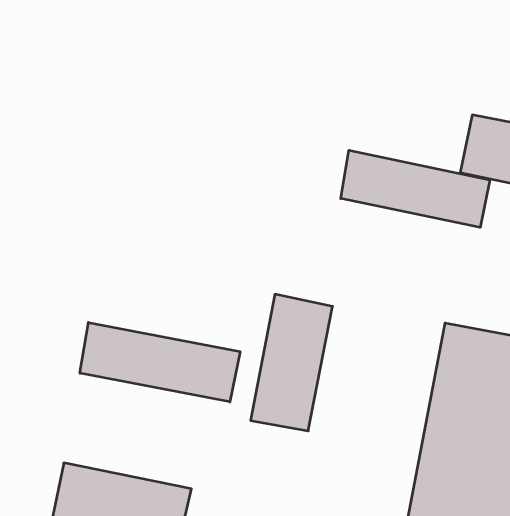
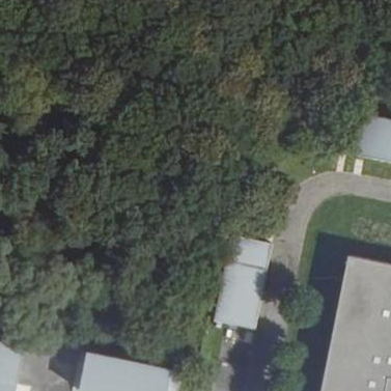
building: [341,150,490,227] -> none
building: [80,322,240,402] -> none

